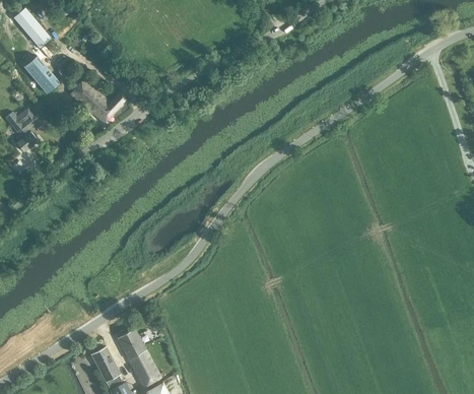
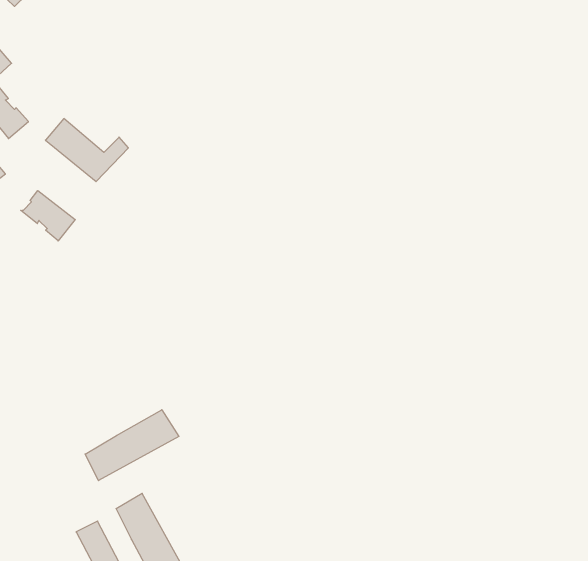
building: none -> [21,191,75,241]
building: none -> [85,410,179,481]

